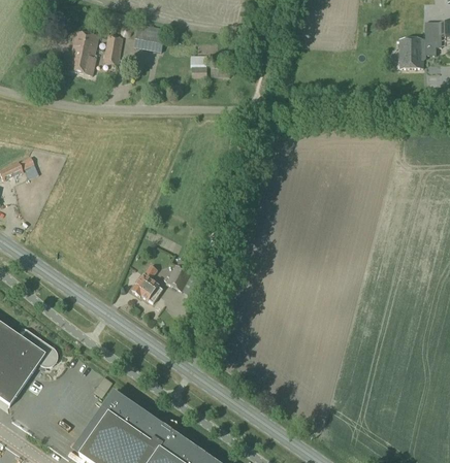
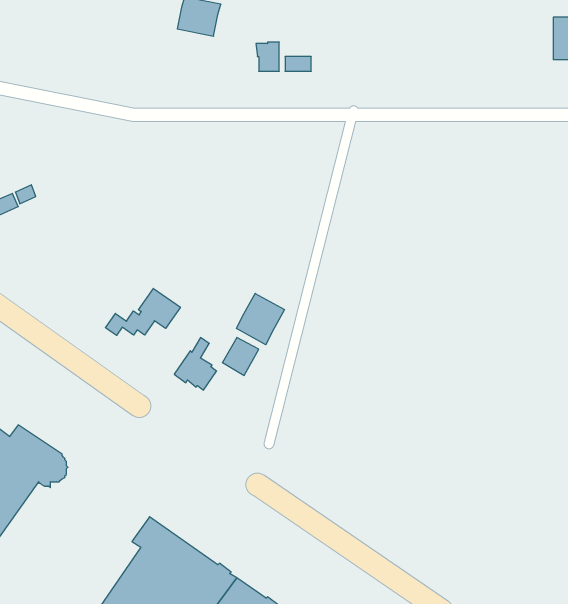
building: [67,31,99,75] -> none
building: [103,35,122,65] -> none
building: none -> [105,288,180,335]
building: none -> [237,293,284,345]

